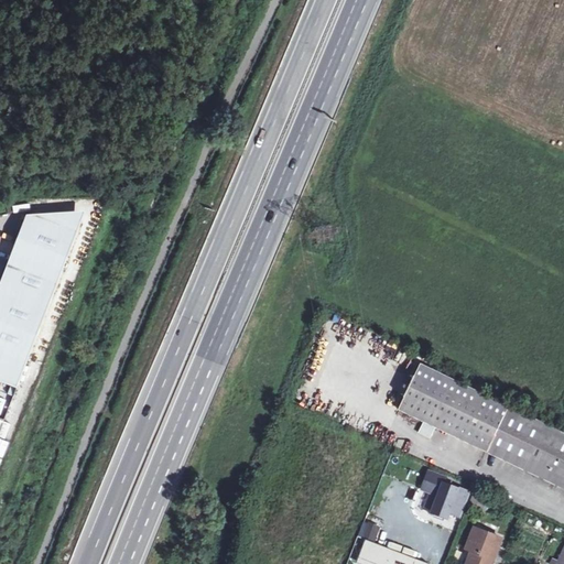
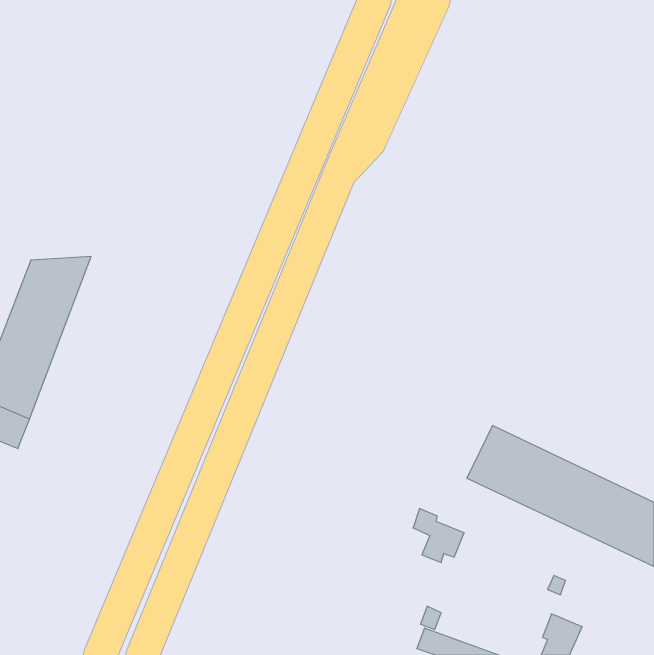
building: [423,475,467,521] -> [413,509,464,562]

